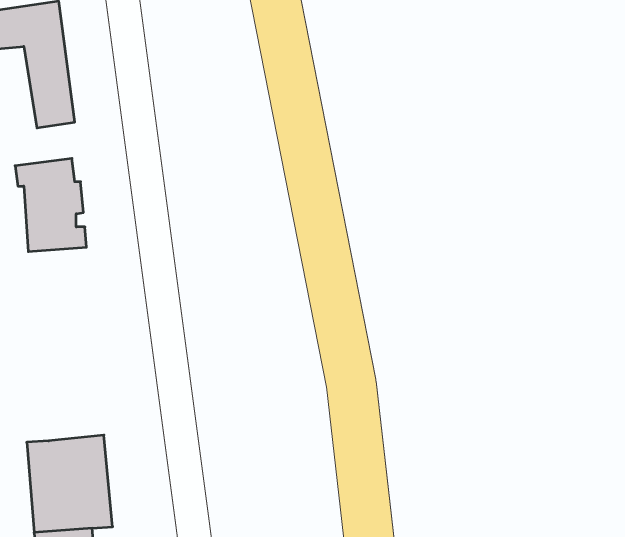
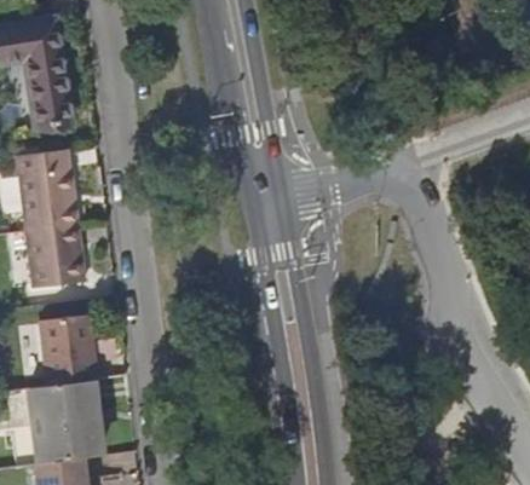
building: none -> [27,226,82,290]
building: none -> [41,318,96,387]

